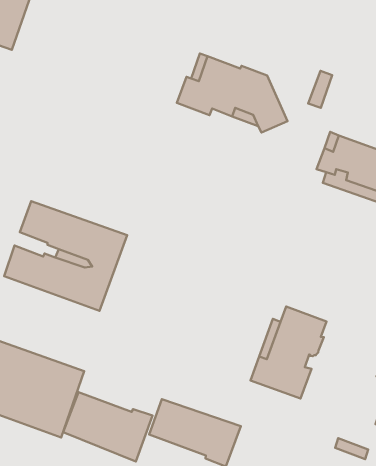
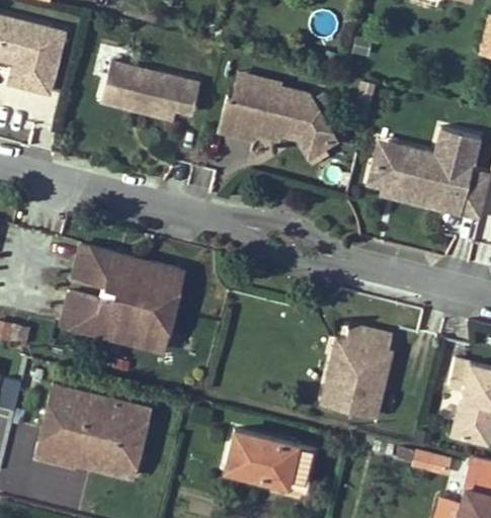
building: none -> [100,59,200,117]
building: [63,392,153,462] -> none

